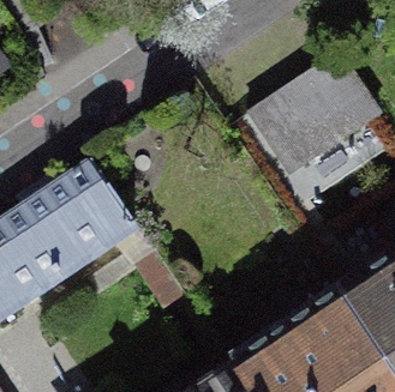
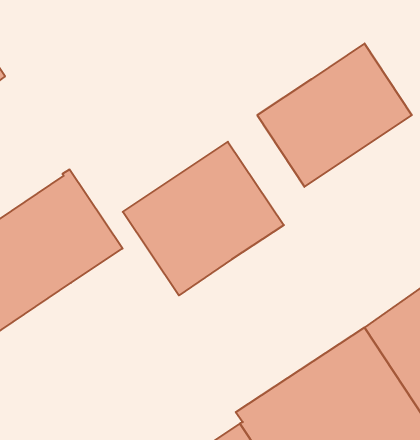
building: none -> [123,142,284,295]

